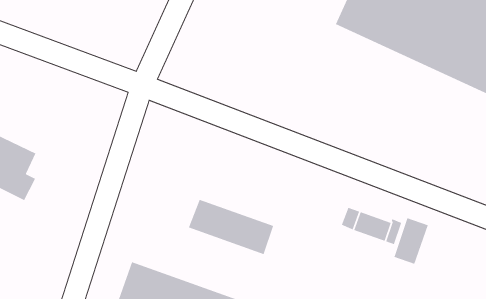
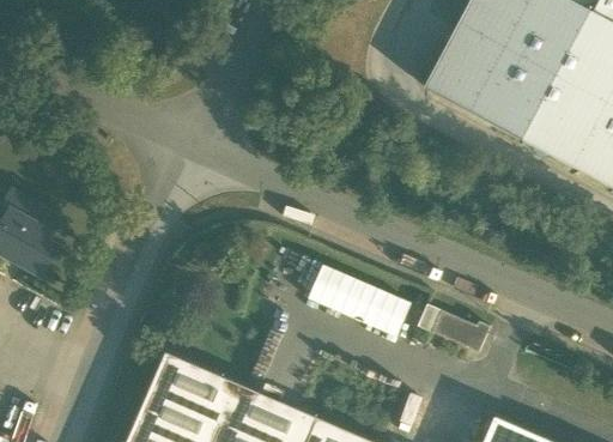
building: [188,199,274,255] -> [308,266,411,338]
building: [393,217,429,265] -> none

